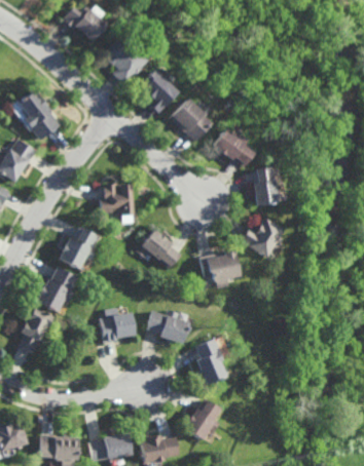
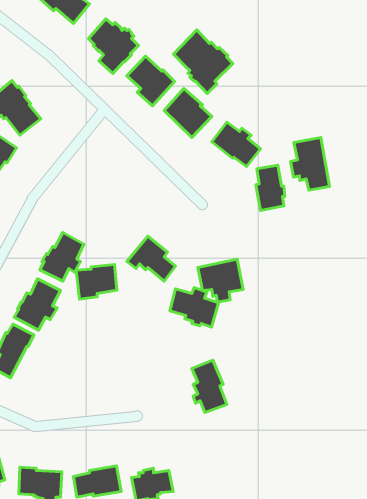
building: none -> [174,30,233,93]
building: none -> [290,137,330,190]
building: [100,183,135,216] -> none
building: [239,219,282,258] -> none
building: [146,309,189,344] -> [170,288,219,327]
building: [100,312,136,343] -> [76,264,117,299]
building: [183,398,220,439] -> none

